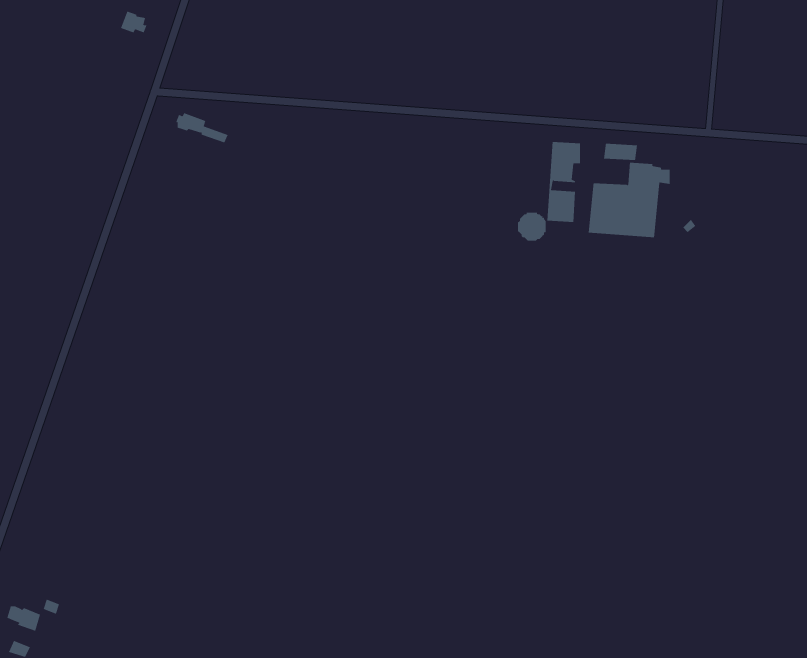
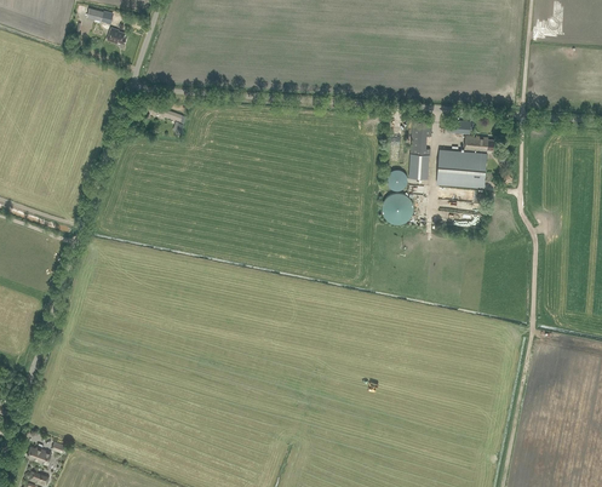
building: none -> [382,193,413,224]

